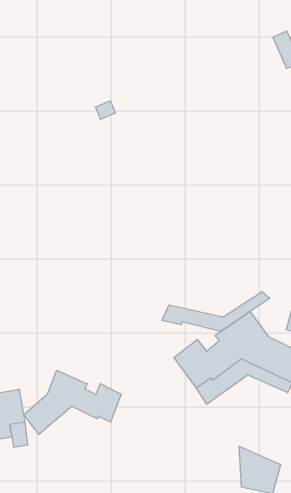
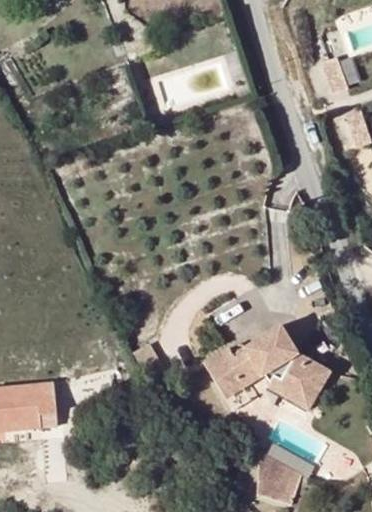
building: [162,292,270,332] -> none
building: [24,370,121,434] -> none

